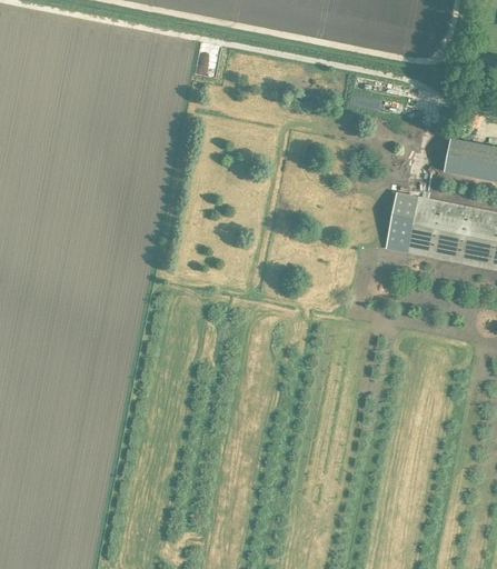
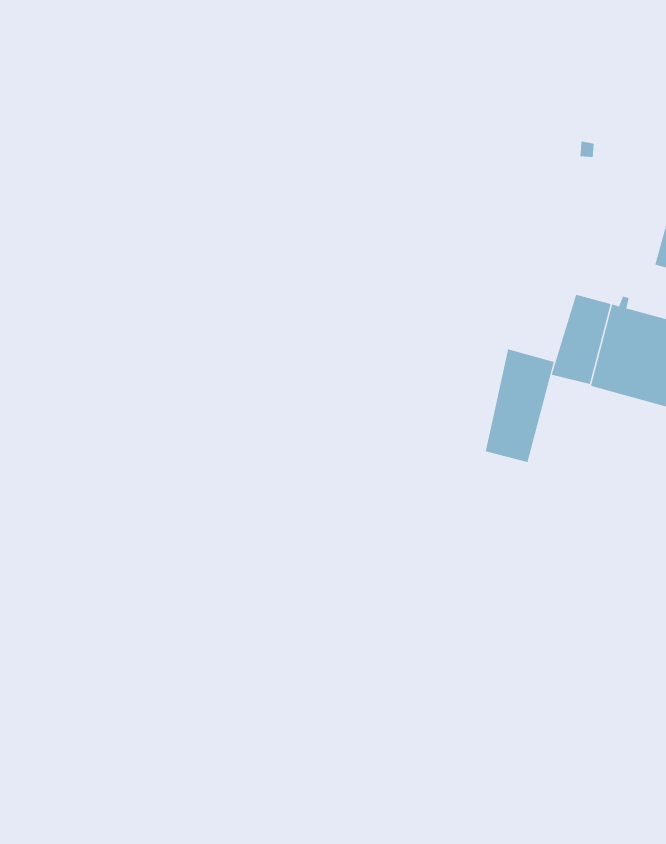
building: none -> [485,349,554,463]

